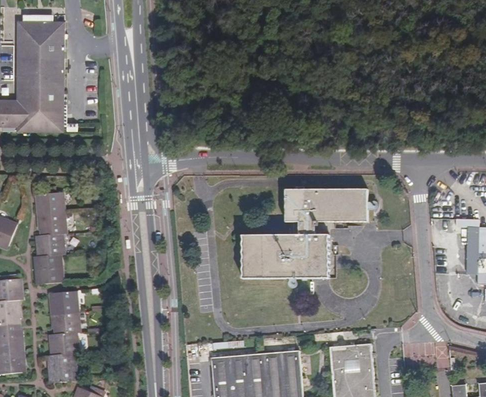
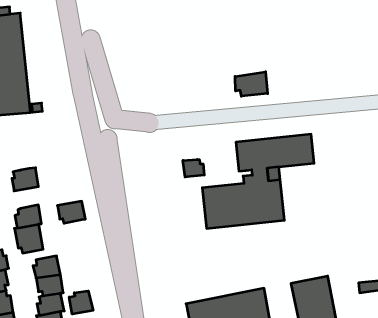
building: none -> [235,72,268,96]
building: none -> [183,159,204,177]
building: [37,213,66,235] -> [57,201,85,223]
building: none -> [69,291,93,314]

